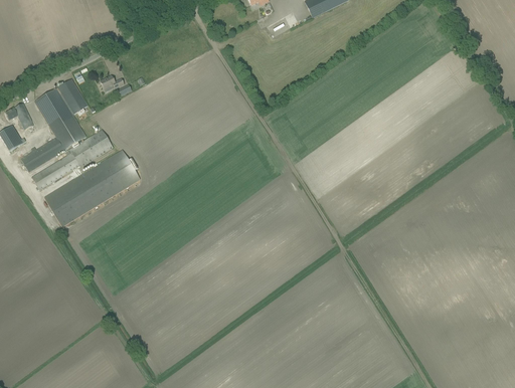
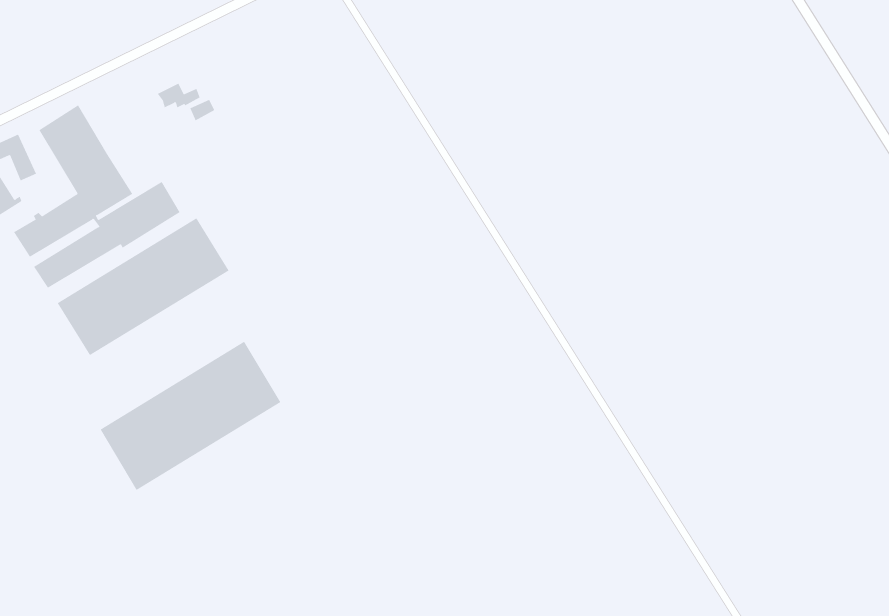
building: [56,78,88,114] -> none
building: none -> [100,341,281,491]

